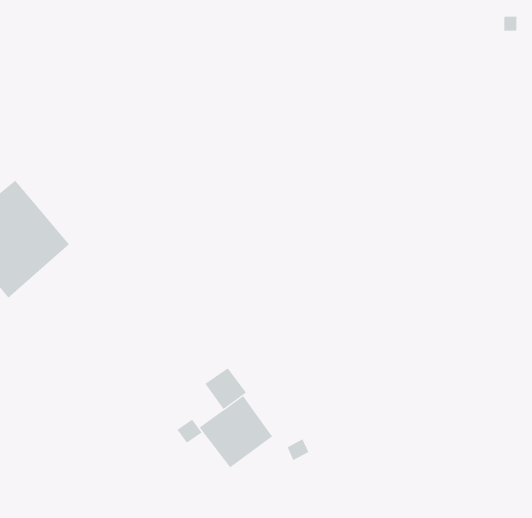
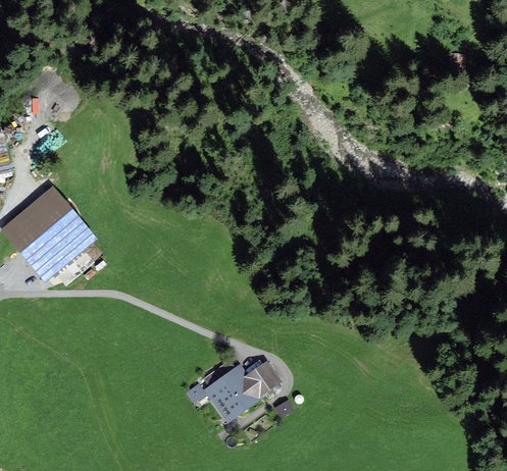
building: [205,368,247,410] -> [247,361,282,396]

